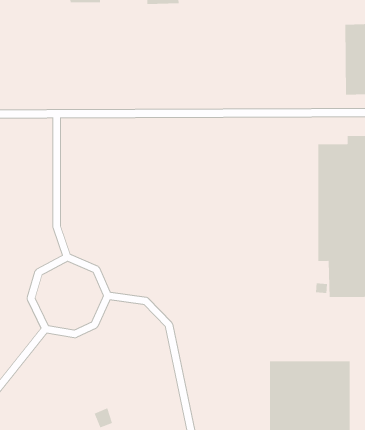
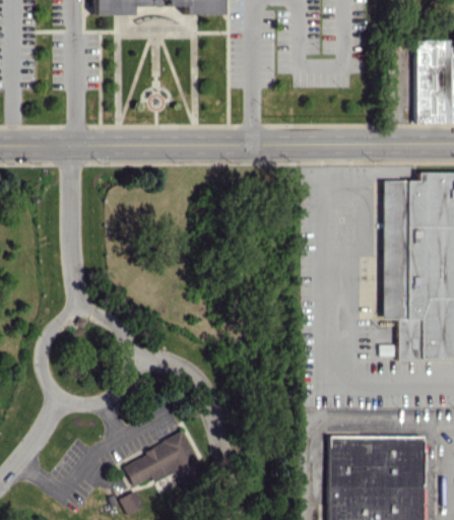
building: none -> [124,433,203,484]

